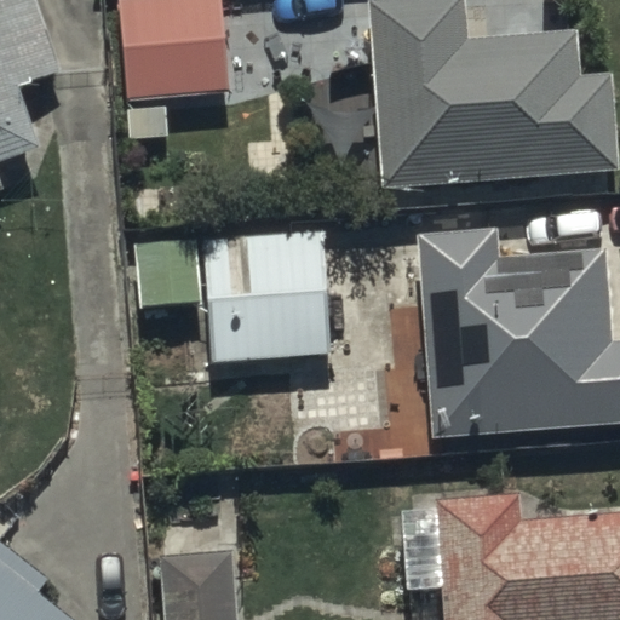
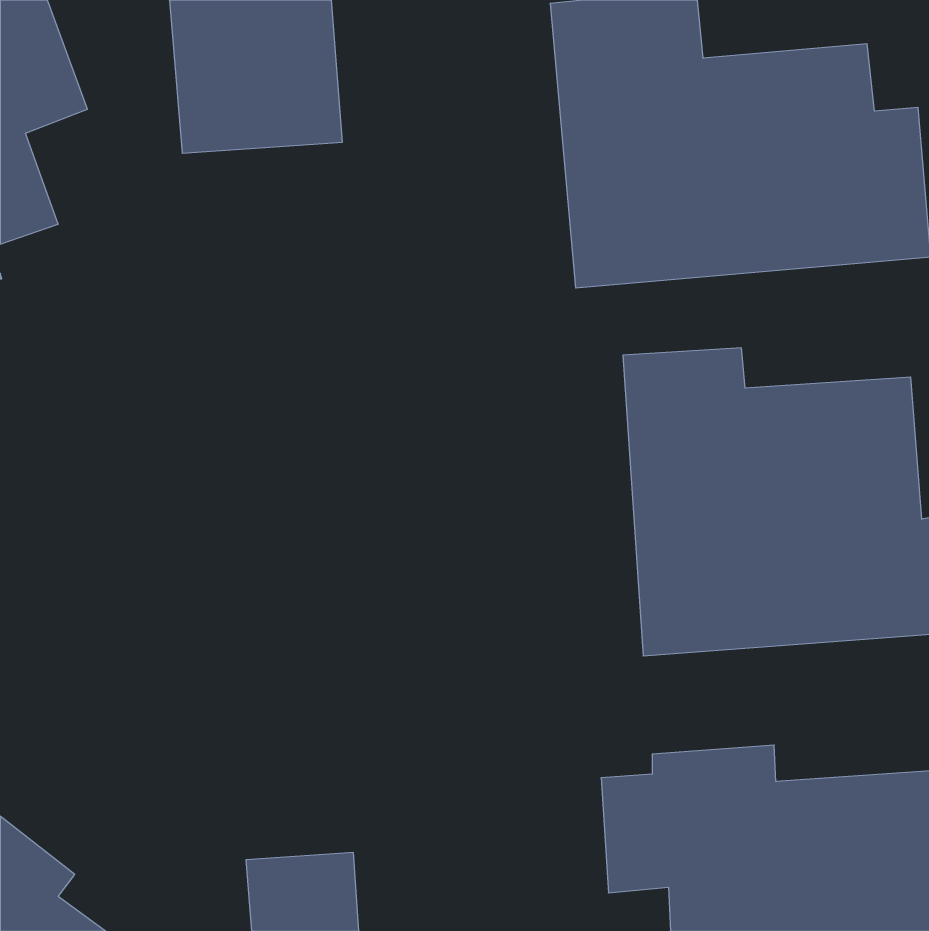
building: [130,231,328,363] -> none

